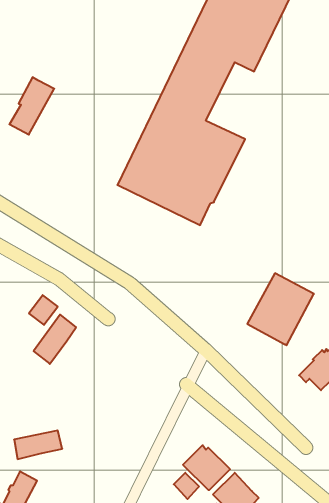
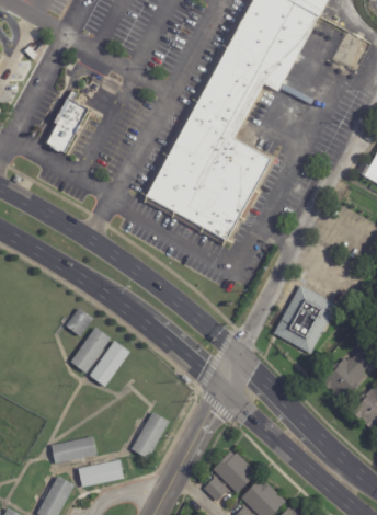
building: none -> [89,340,129,386]
building: none -> [130,411,169,458]
building: none -> [78,459,123,487]

